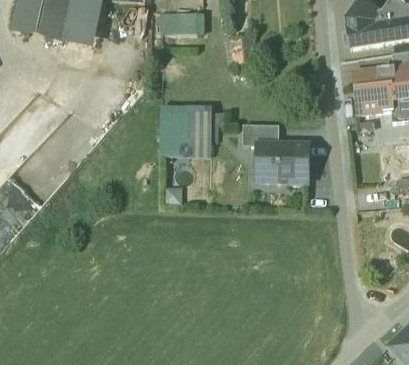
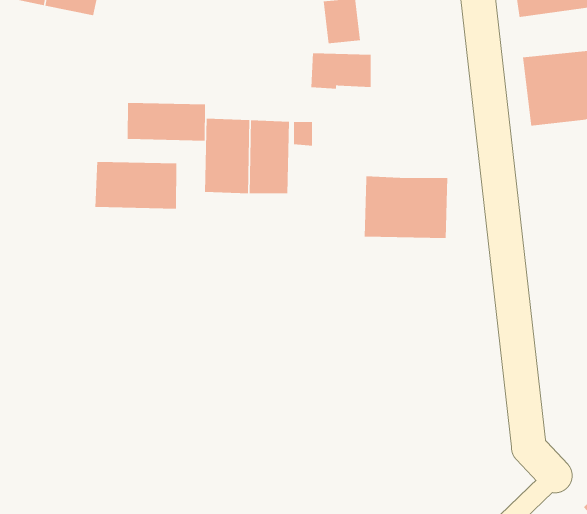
building: none -> [127,102,205,141]
building: [242,123,279,145] -> [311,53,372,89]
building: none -> [95,161,177,209]

